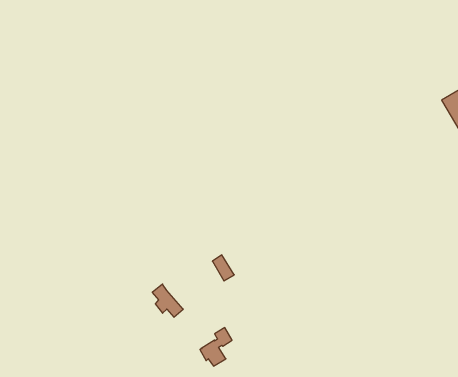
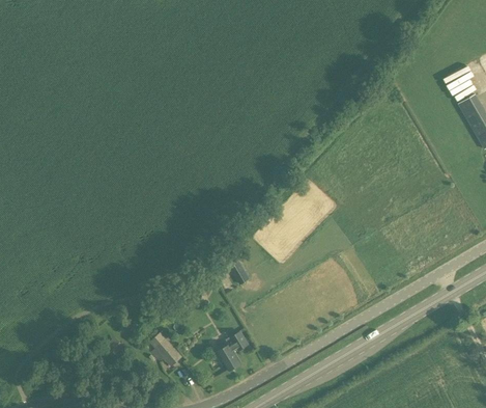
building: [152,284,183,317] -> [149,332,180,365]

